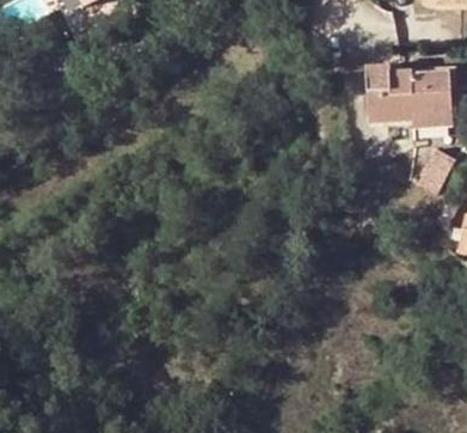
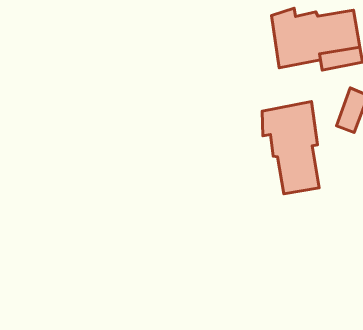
building: none -> [262,102,319,194]

